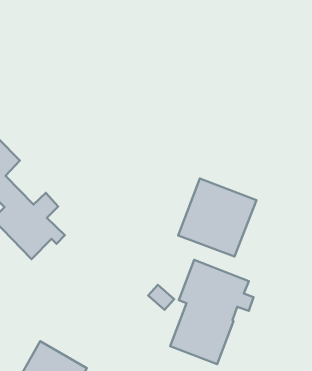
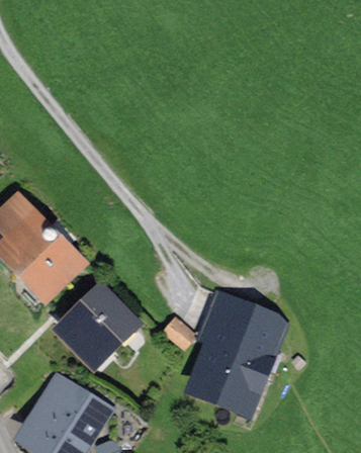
building: [178,178,257,256] -> none
building: none -> [64,295,137,361]

